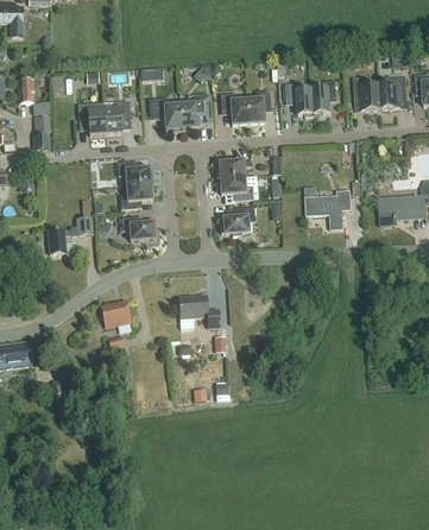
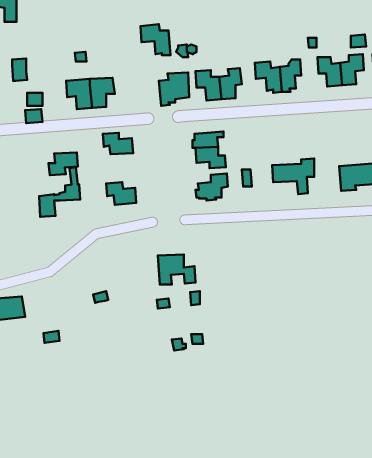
building: [149,96,182,131] -> [140,24,171,55]
building: [120,183,152,208] -> [49,153,78,175]
building: [100,299,131,327] -> none

